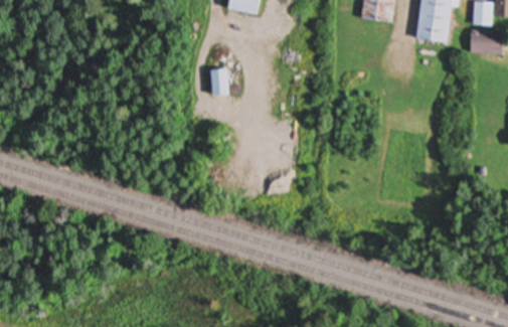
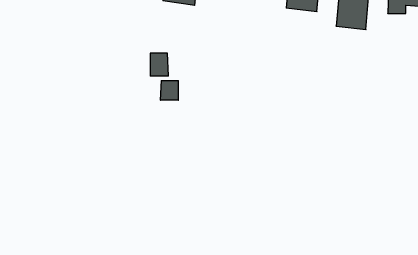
building: [470,29,501,52] -> none
building: none -> [161,81,178,100]

